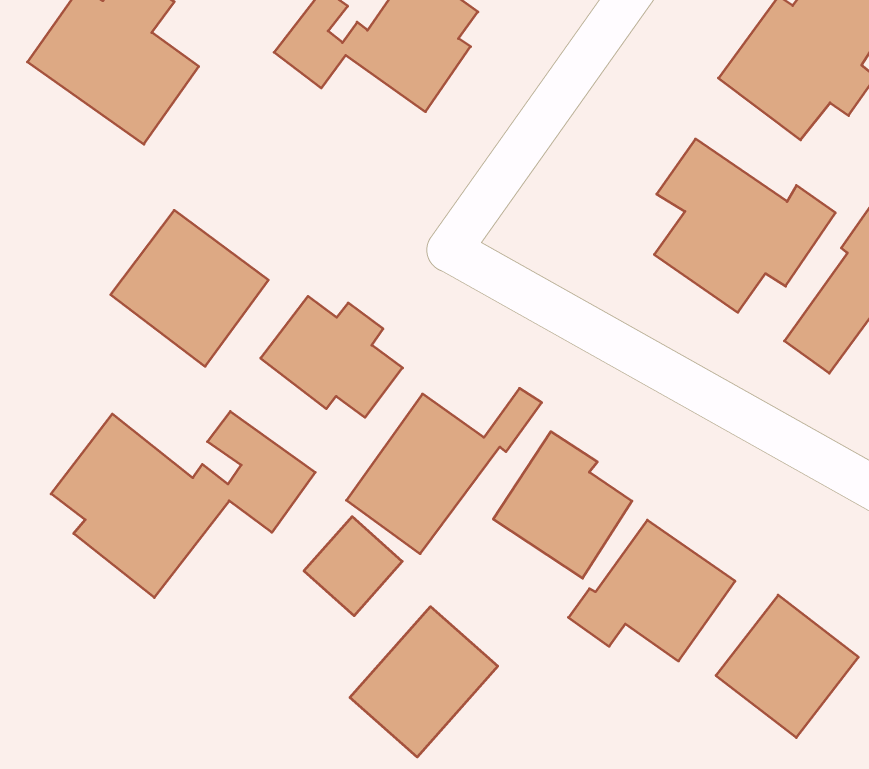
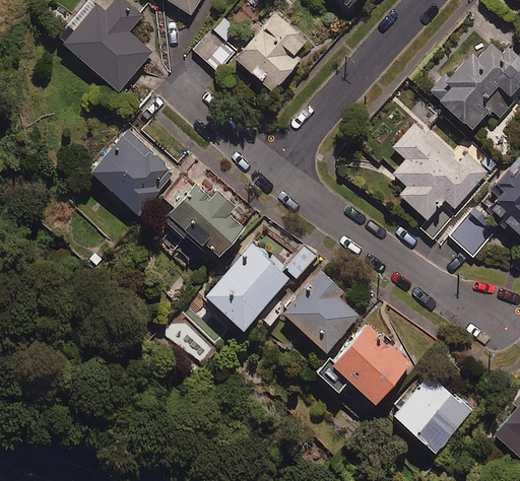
building: [51,411,315,598] -> none
building: [350,607,498,757] -> none

